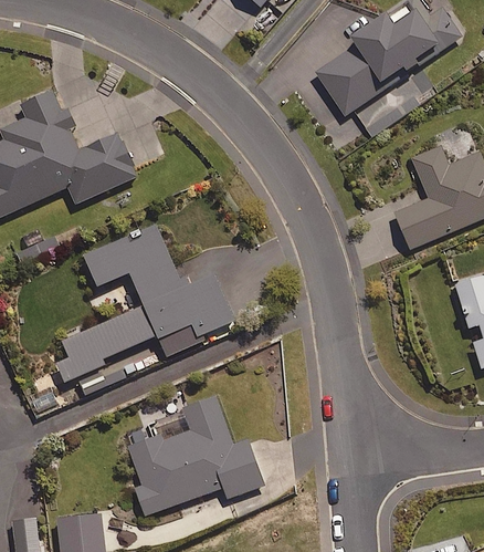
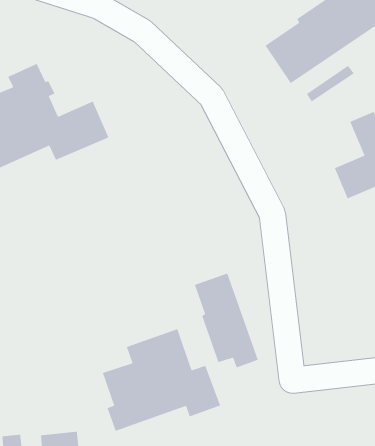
building: [56,227,234,383] -> none
building: none -> [194,272,259,368]

